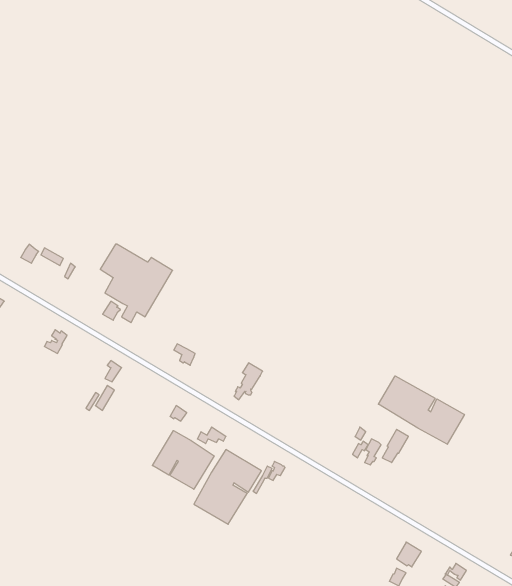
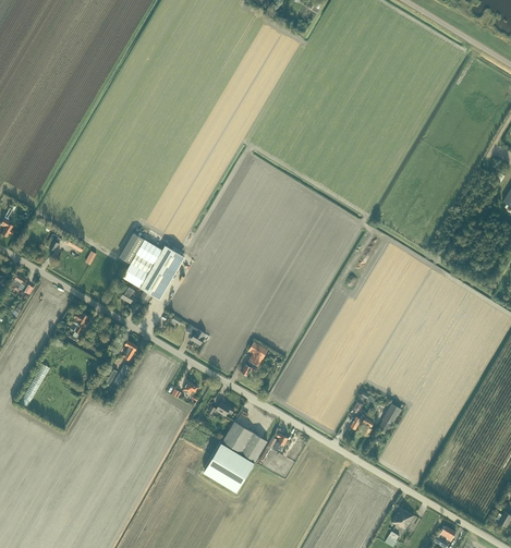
building: [378,376,464,444] -> none
building: [152,431,214,489] -> none

